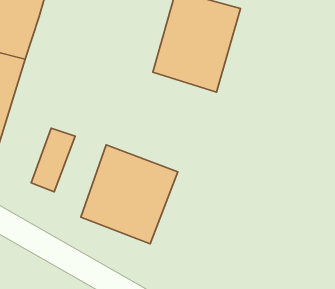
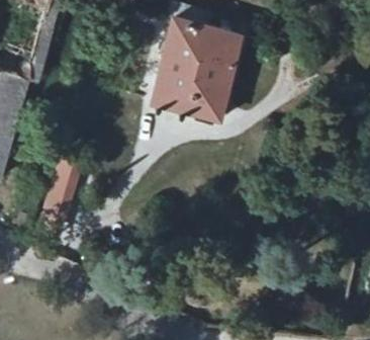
building: [81,145,178,244] -> none

